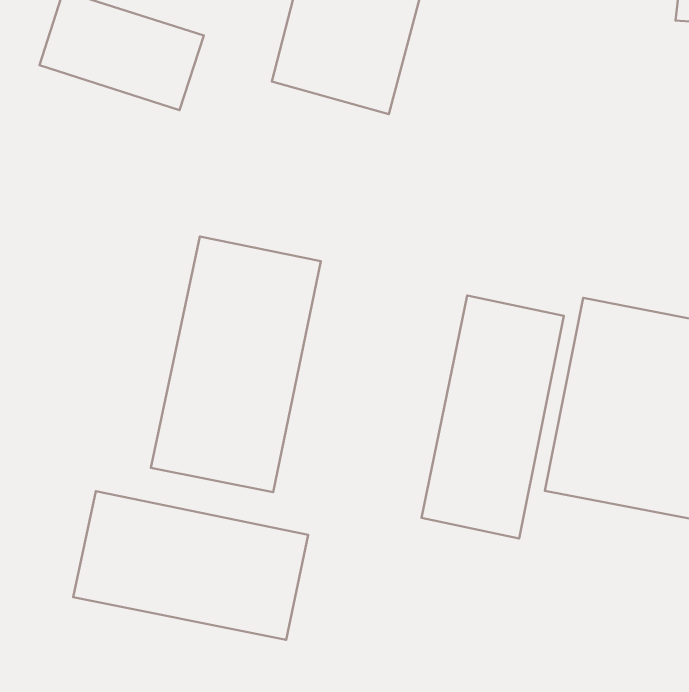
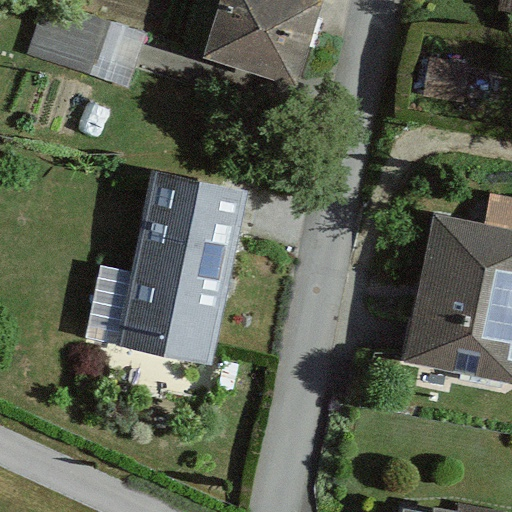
building: [422,296,564,538] -> none
building: [73,491,308,640] -> none

